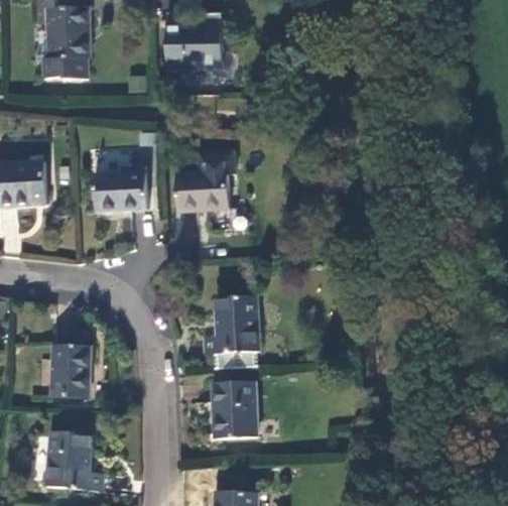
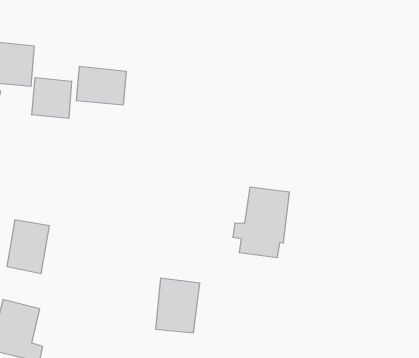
building: [177,151,233,211] -> none
building: none -> [32,78,71,118]
building: [206,296,260,368] -> [233,187,289,257]

